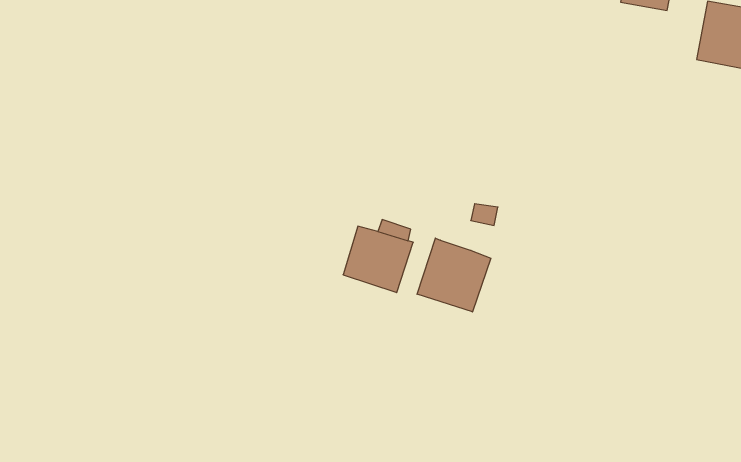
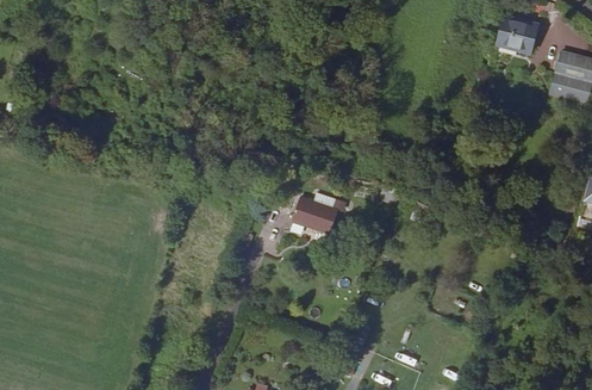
building: [417,238,491,312] -> none

